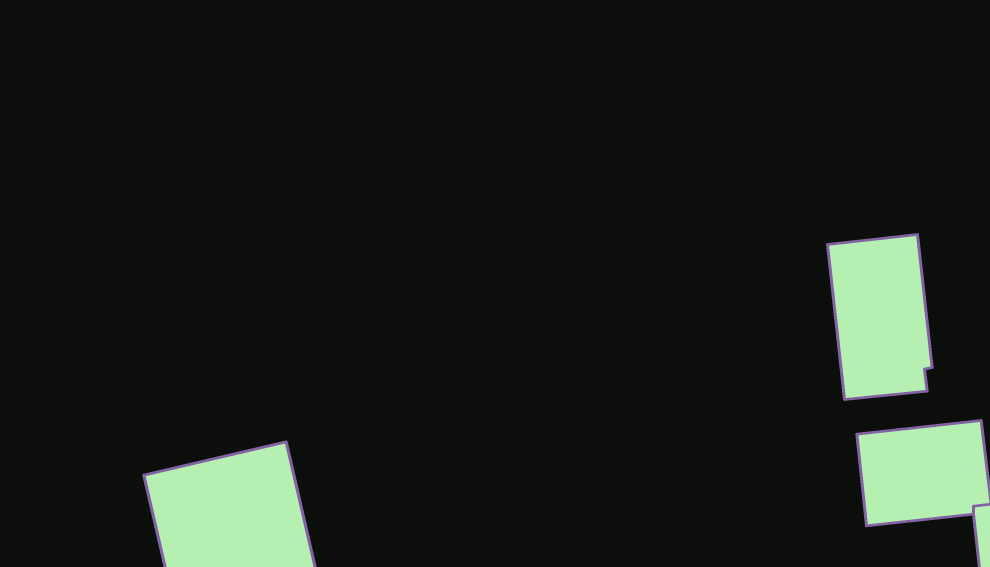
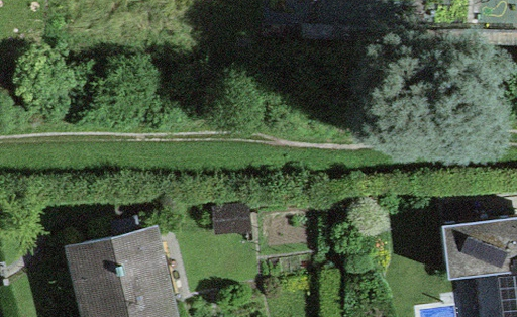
building: [827,234,932,399] -> none

